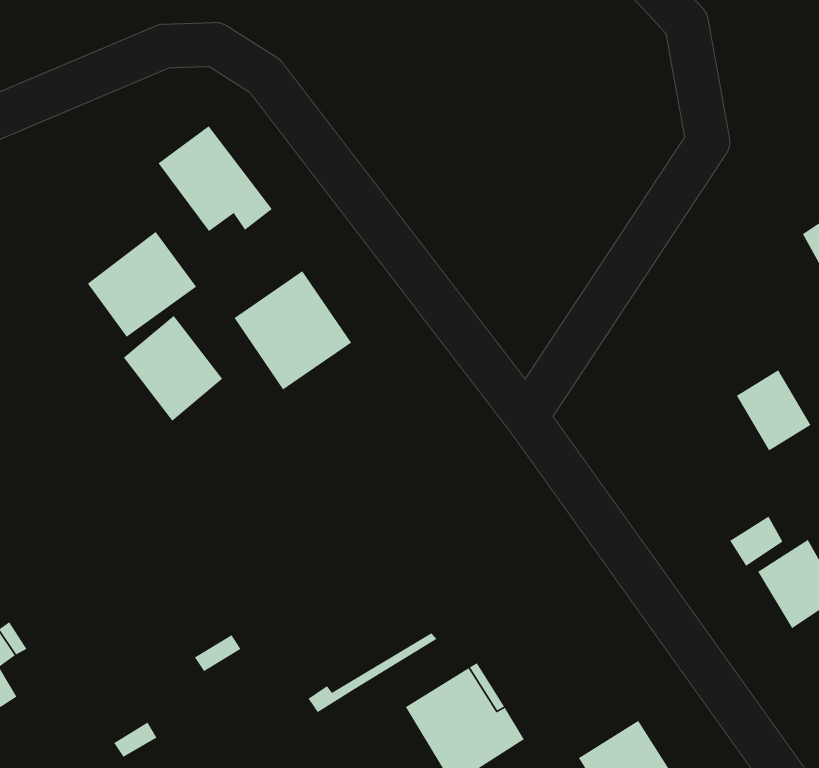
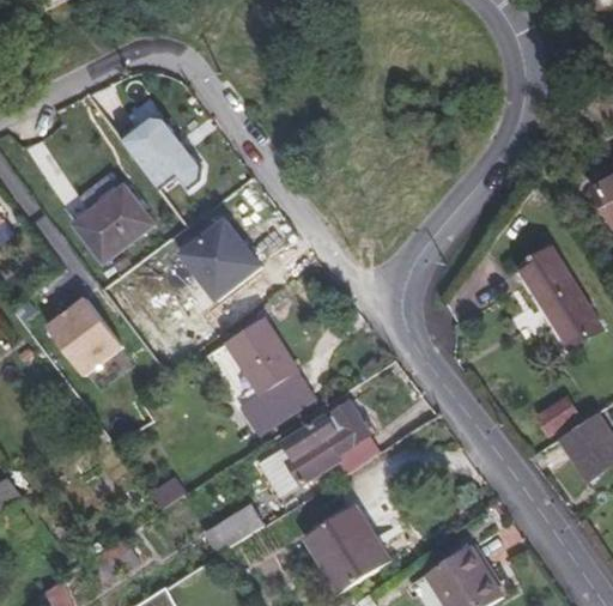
building: [123,315,223,422] -> [44,297,117,375]
building: none -> [518,252,573,308]
building: none -> [226,319,310,429]
building: none -> [280,401,366,484]

